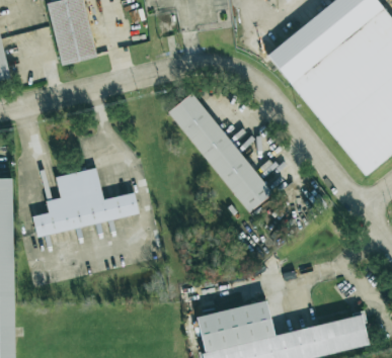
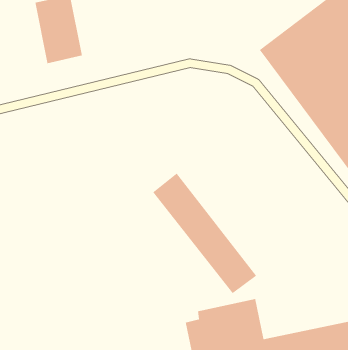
building: [169,93,272,212] -> [152,173,257,294]
building: [33,168,140,235] -> none

